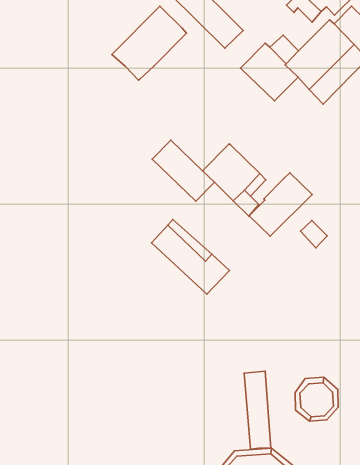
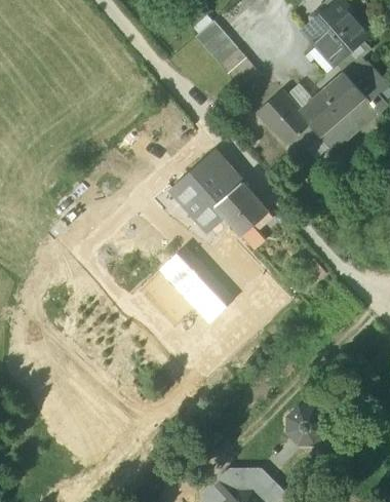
building: [112,6,187,80] -> none
building: none -> [186,149,242,205]
building: [249,173,312,236] -> none
building: [244,371,271,449] -> none

